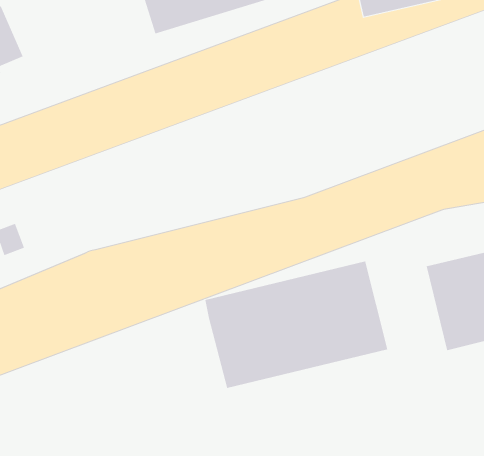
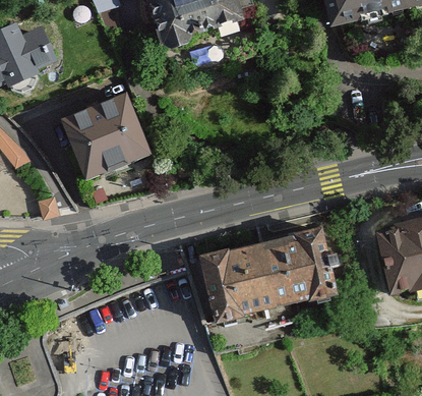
building: none -> [60,90,153,179]

